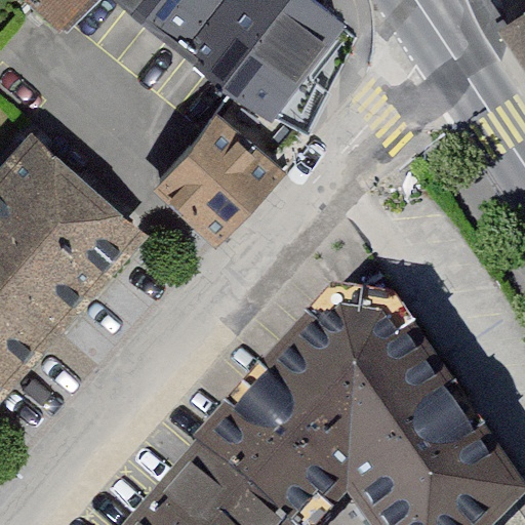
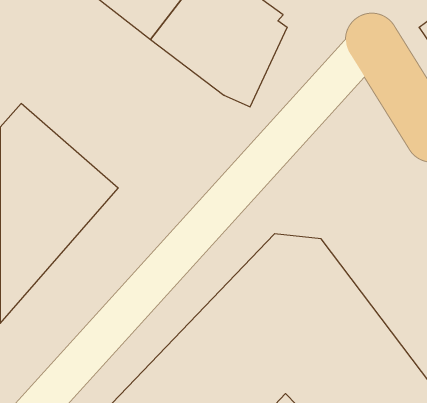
building: [153,118,283,245] -> none

